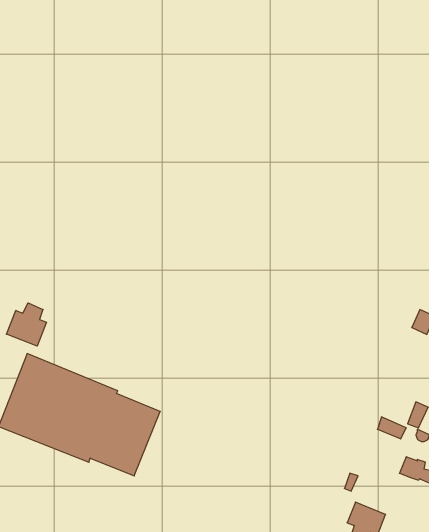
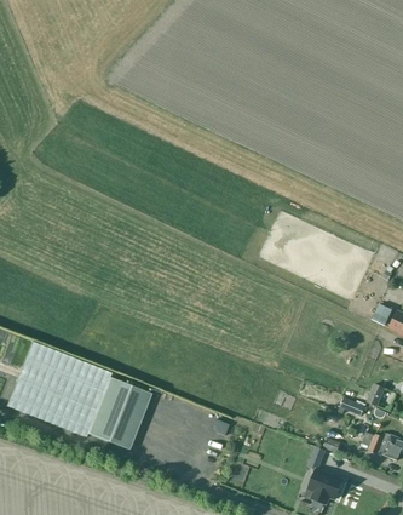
building: [6,303,47,346] -> none

